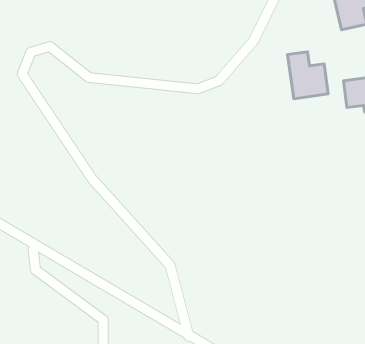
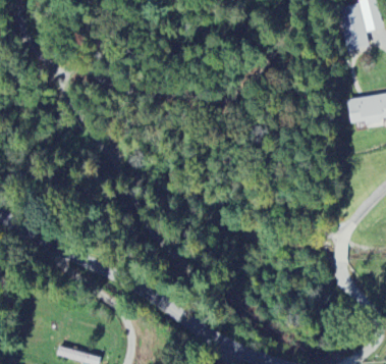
building: [288,52,328,99] -> none

